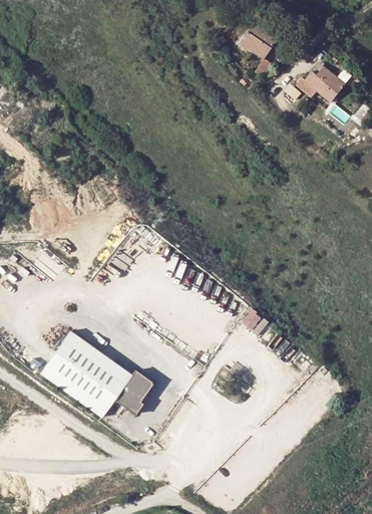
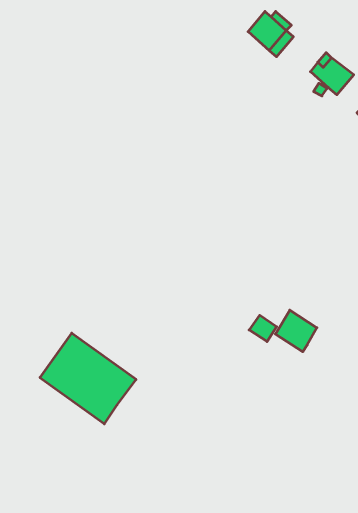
building: none -> [275,310,317,352]
building: [114,370,153,415] -> none

